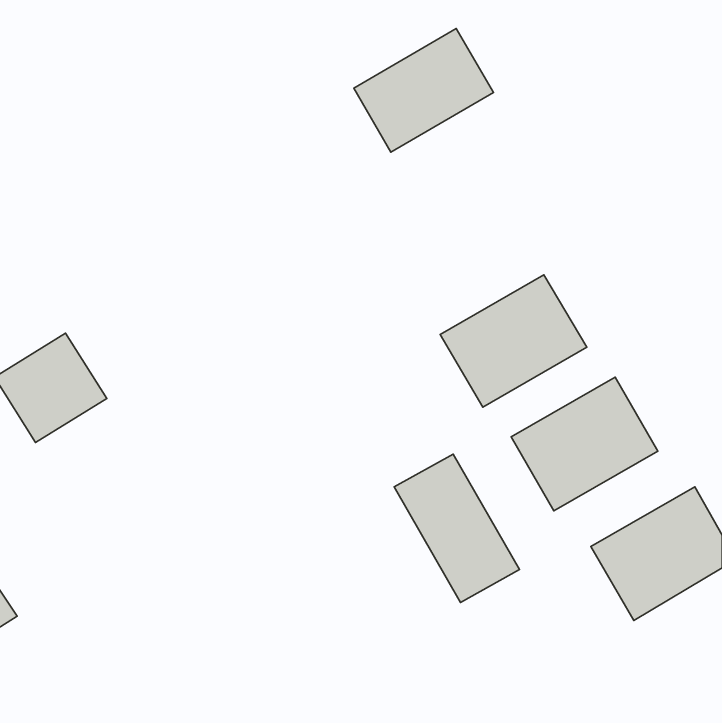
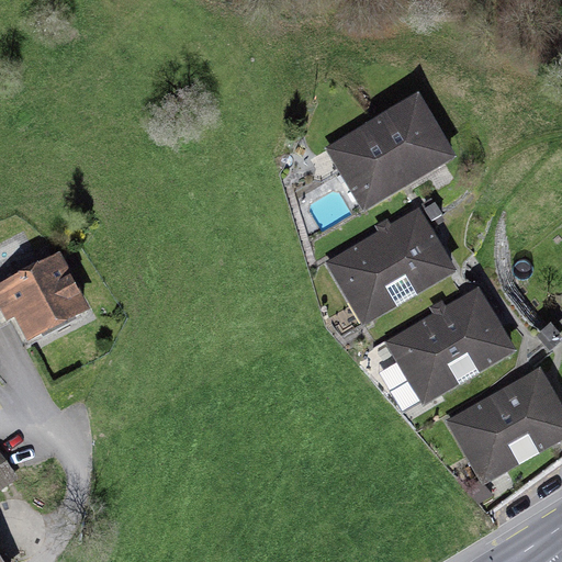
building: [354,28,493,152] -> [331,101,439,196]
building: [394,454,520,603] -> none

